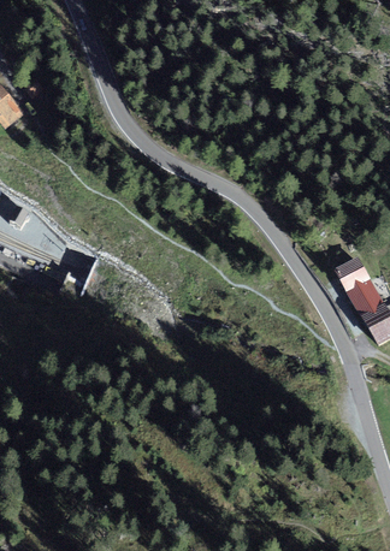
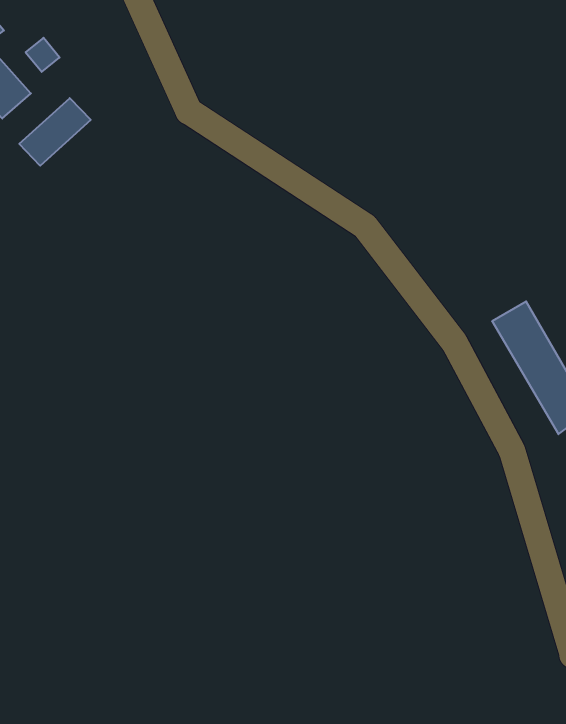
building: none -> [19,98,91,166]

